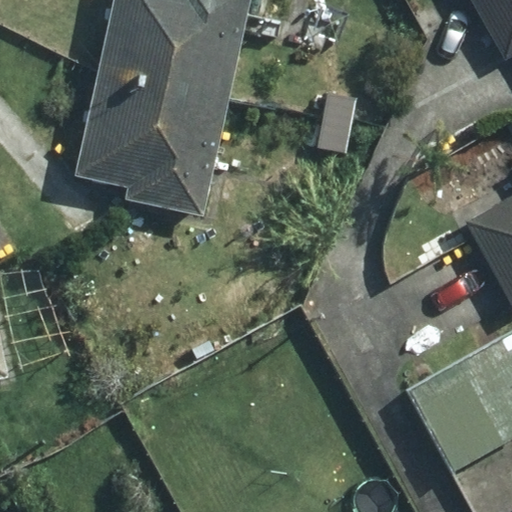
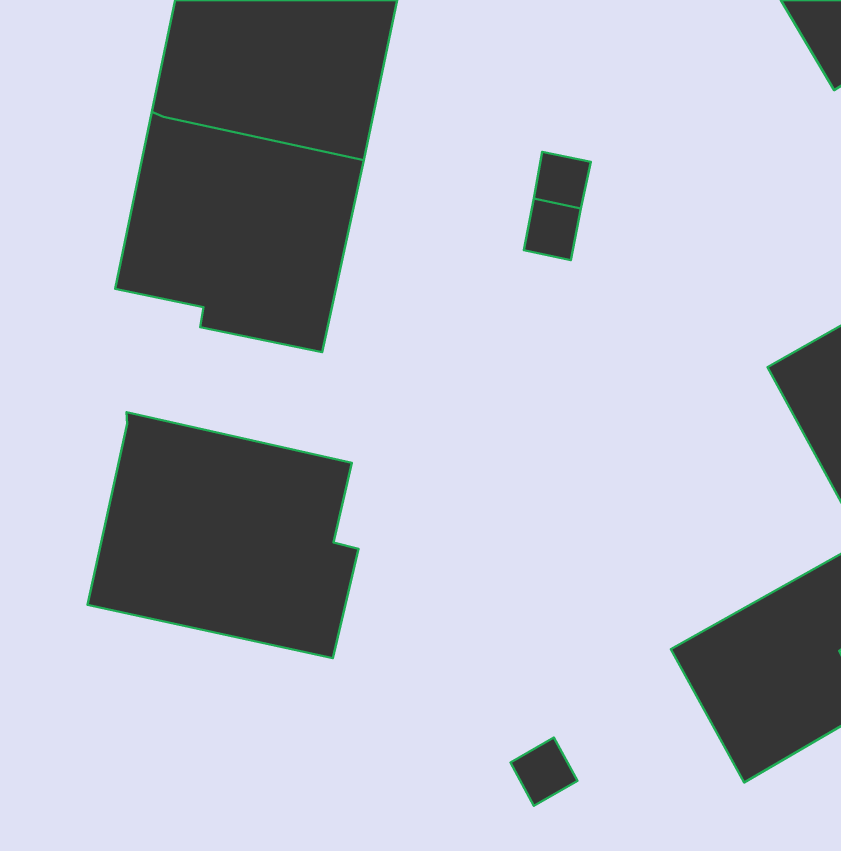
building: none -> [88,412,359,658]

